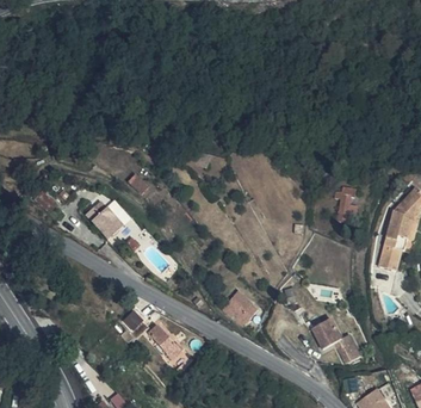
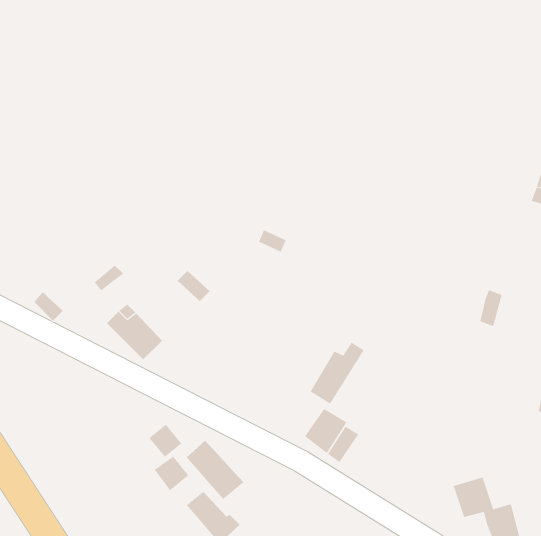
building: none -> [310,342,364,405]

